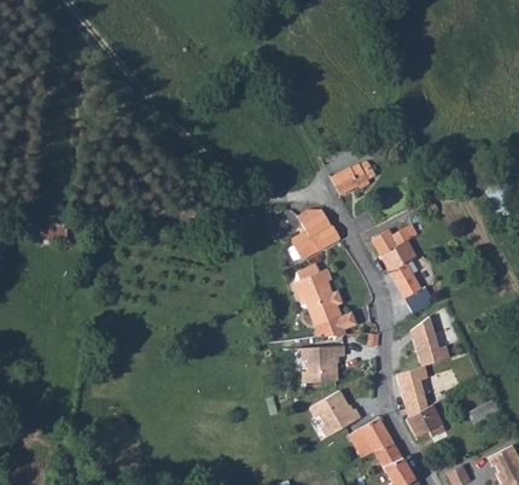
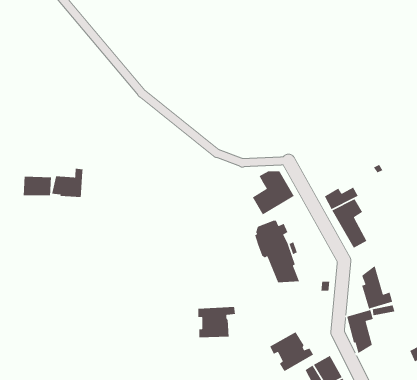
building: [331,162,372,195] -> none
building: none -> [51,168,83,198]
building: [302,346,345,382] -> [197,306,236,338]
building: [407,405,445,438] -> none

